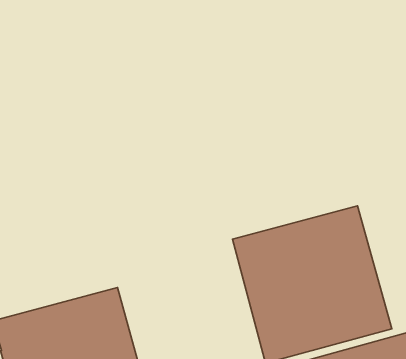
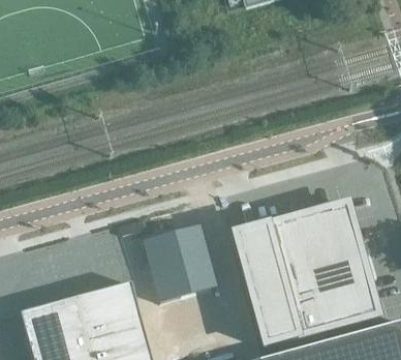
building: none -> [142,221,221,300]

